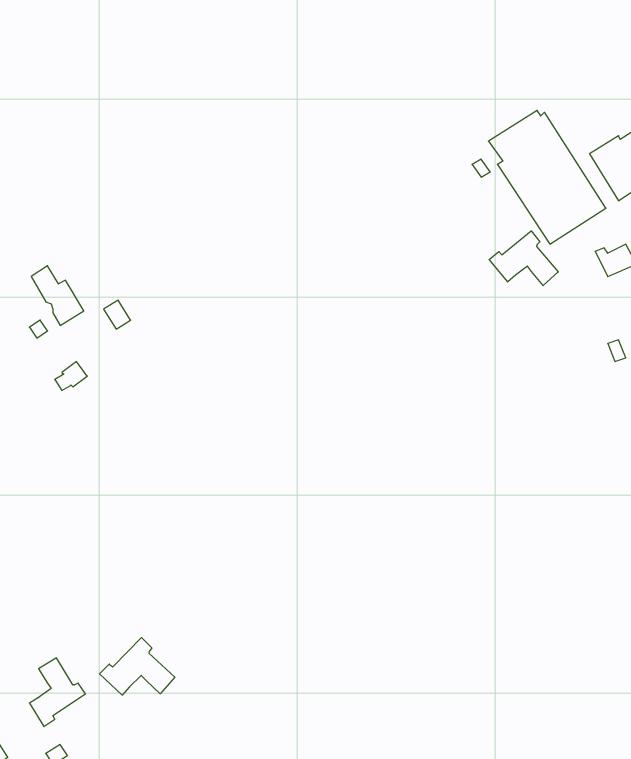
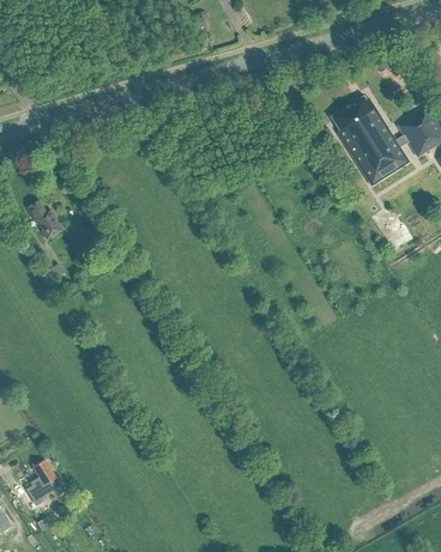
building: [489,231,558,286] -> none
building: [100,638,175,695] -> none

